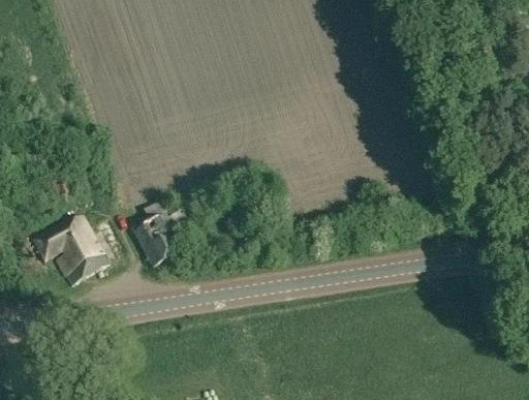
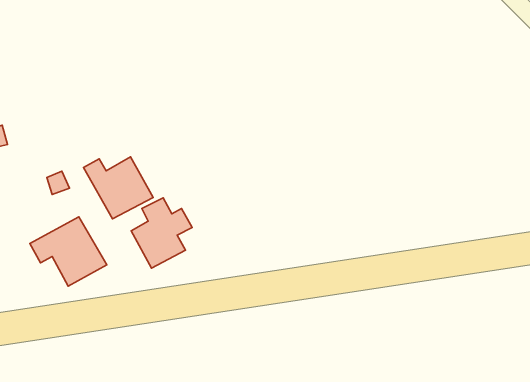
building: none -> [83,157,153,219]

